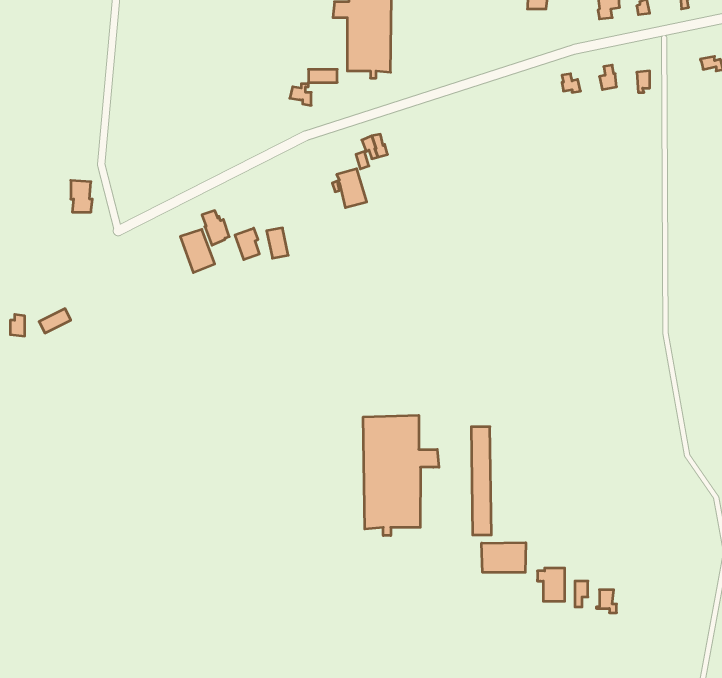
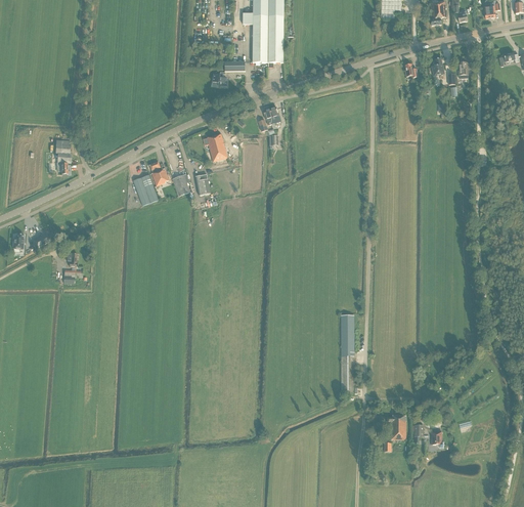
building: [332,169,367,208] -> [203,133,227,161]
building: [363,415,439,536] -> none
building: [482,543,526,572] -> none

